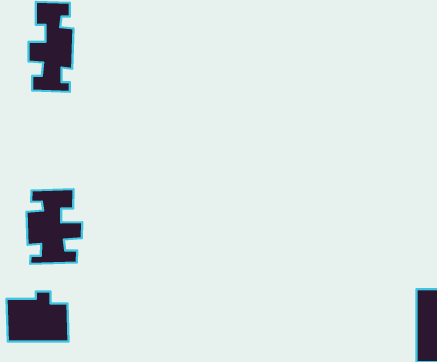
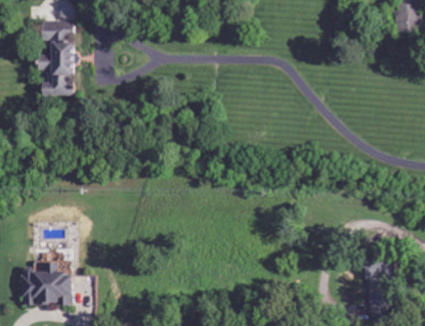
building: [27,189,82,264] -> none

